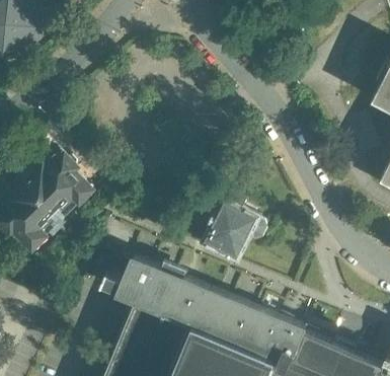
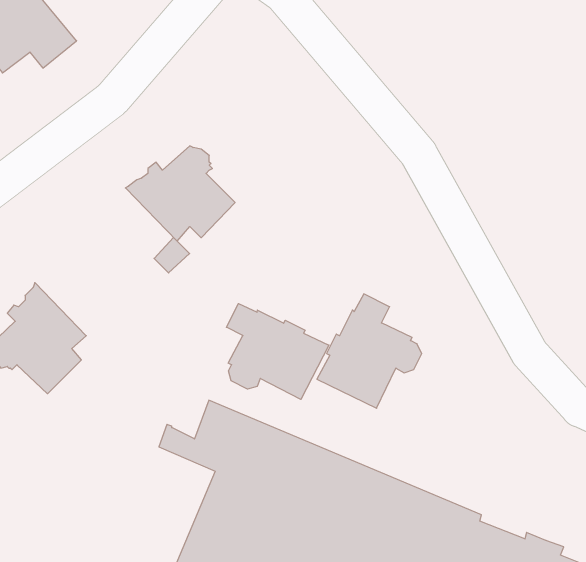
building: [23,154,92,214] -> [125,146,235,241]
building: none -> [226,304,329,399]

